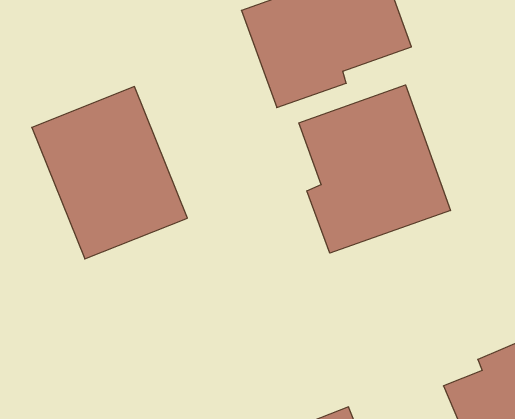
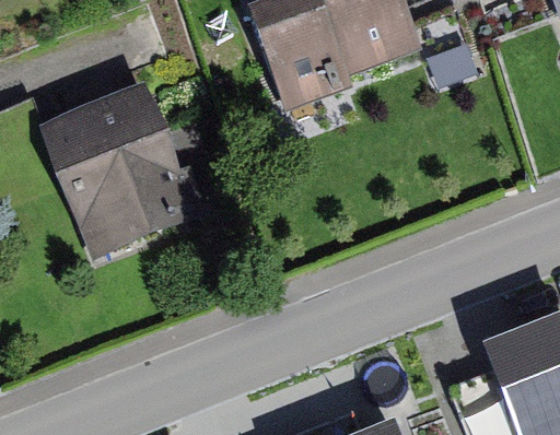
building: [299,85,450,253] -> none

